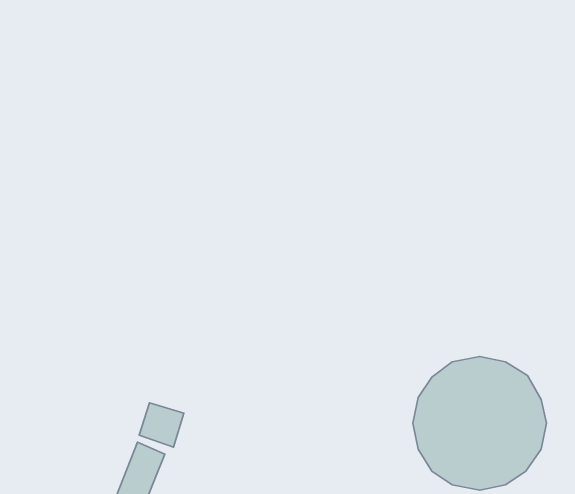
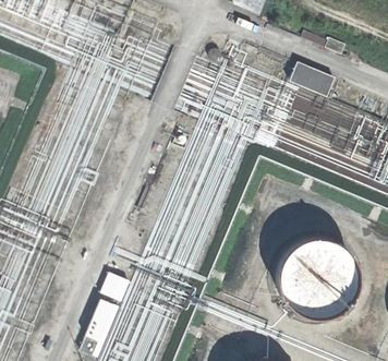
building: none -> [288,59,335,93]

